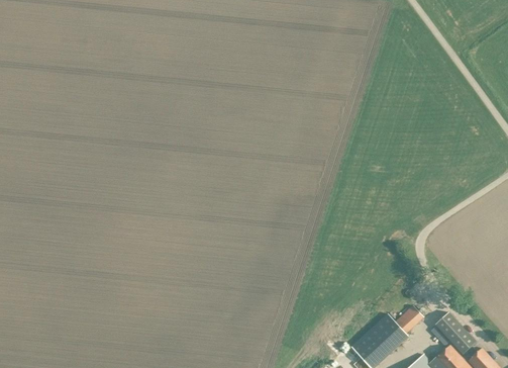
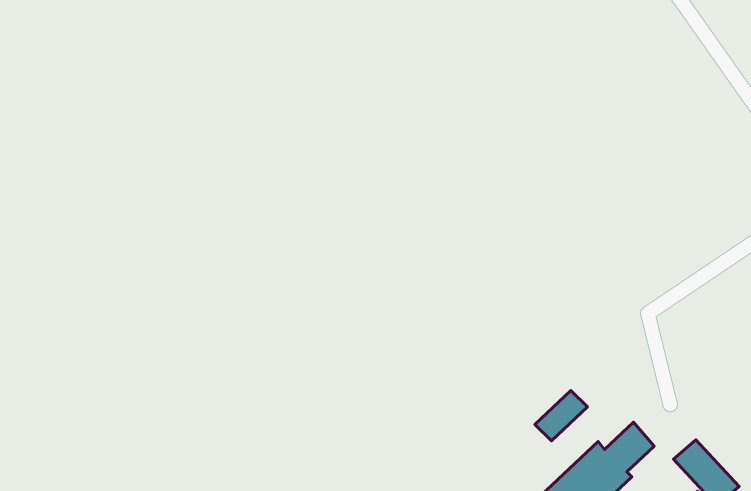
building: none -> [535,390,588,441]

